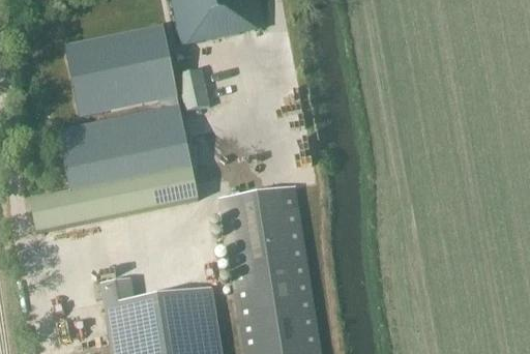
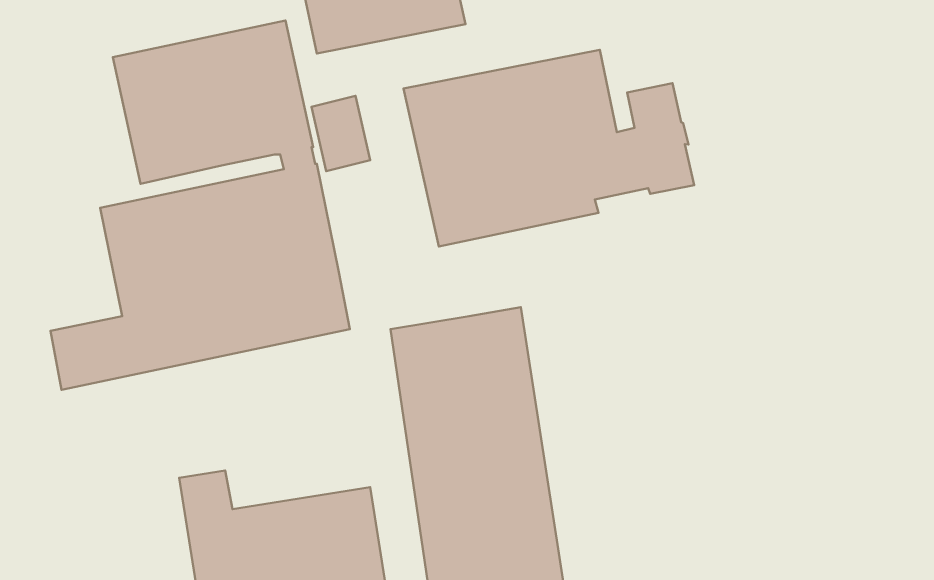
building: none -> [404,50,694,246]

